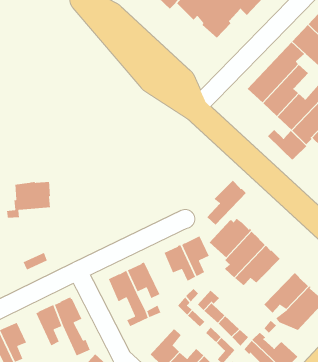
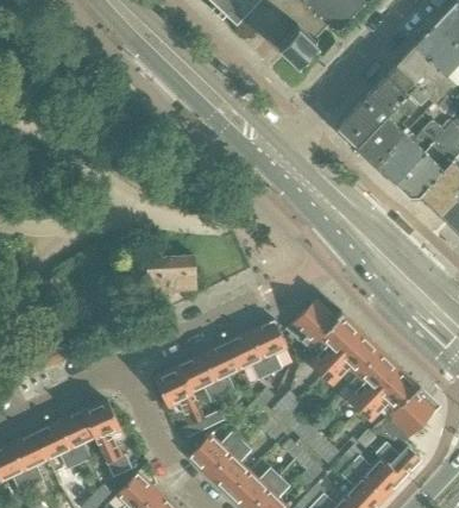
building: [267,129,307,161] -> none
building: [206,180,247,225] -> [346,350,400,409]
building: [6,181,51,219] -> [137,255,195,303]
building: none -> [202,341,239,396]
building: none -> [36,420,80,469]
building: none -> [189,431,241,476]
building: none -> [376,441,421,478]

